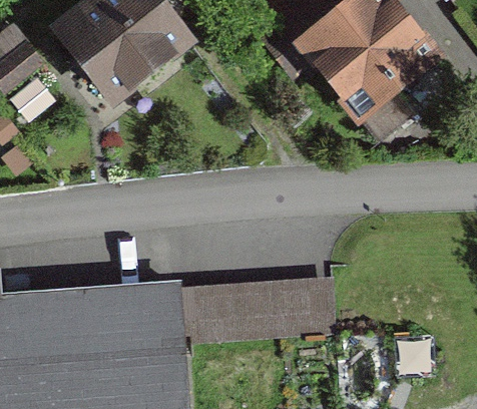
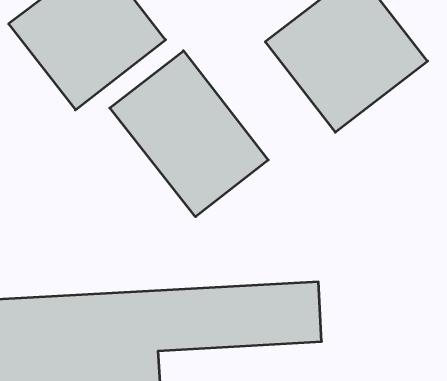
building: none -> [110,51,268,217]

